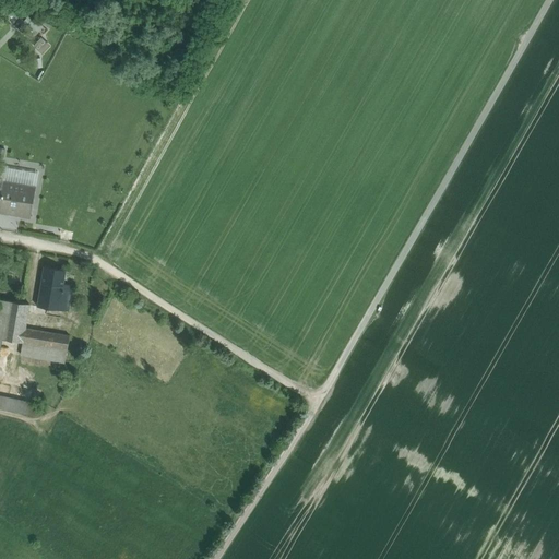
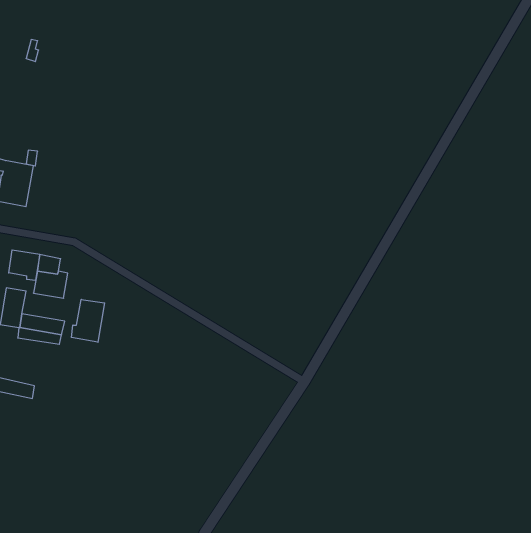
building: none -> [9,250,40,280]
building: none -> [71,299,105,342]

